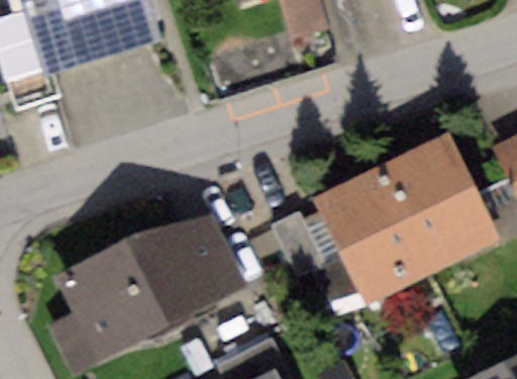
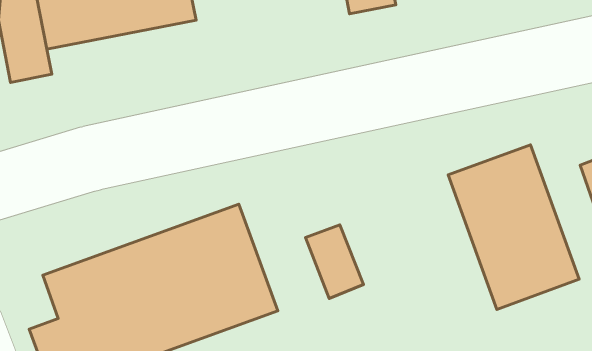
building: [316,162,434,301] -> none

